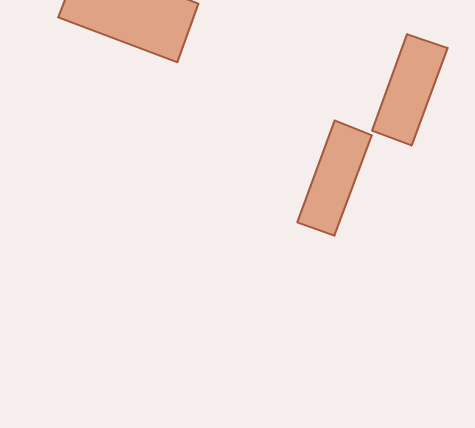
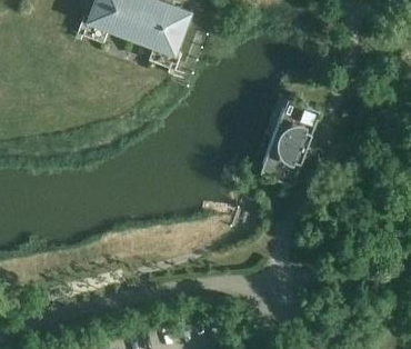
building: [372,34,448,146] -> none

